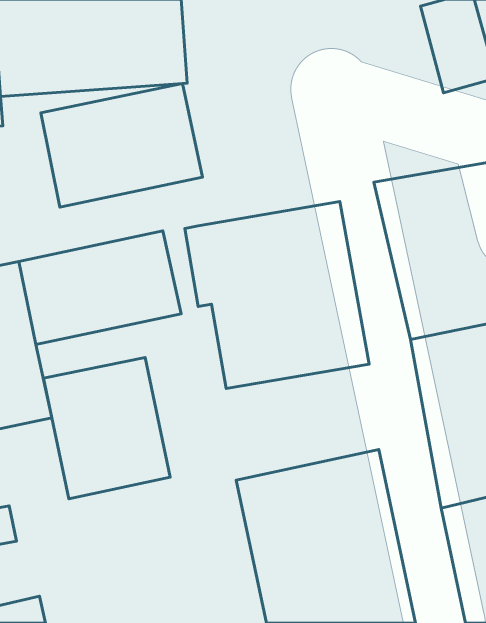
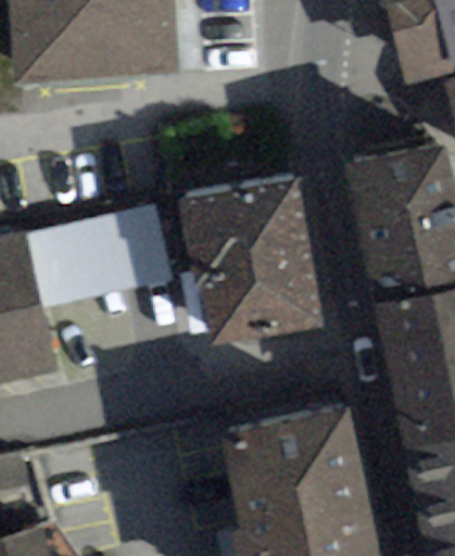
building: [41,83,202,207] -> none
building: [43,357,170,499] -> none

